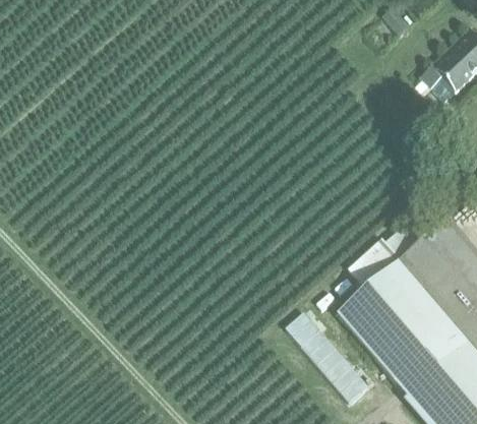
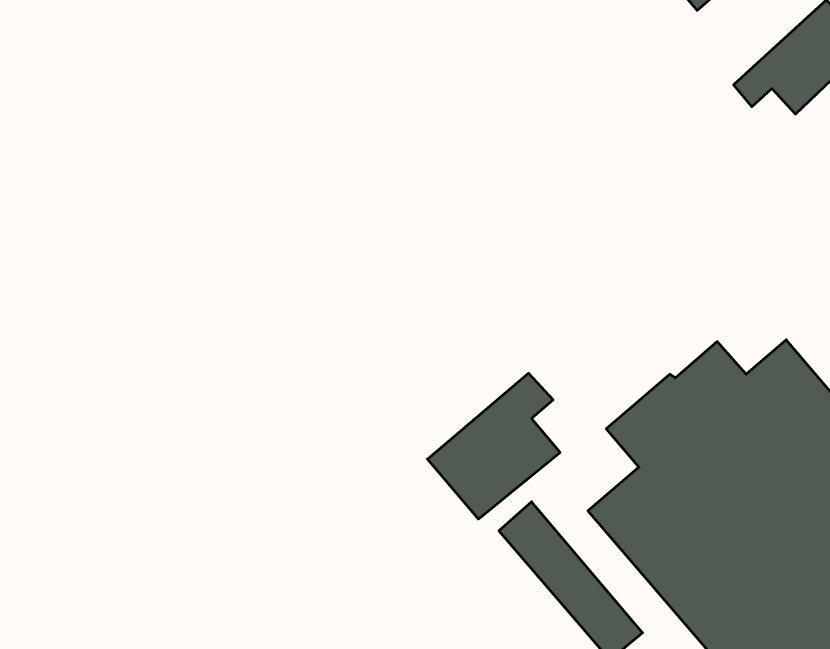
building: none -> [427,373,560,519]

